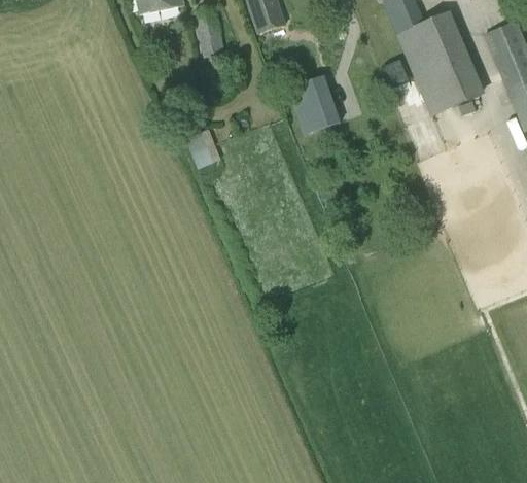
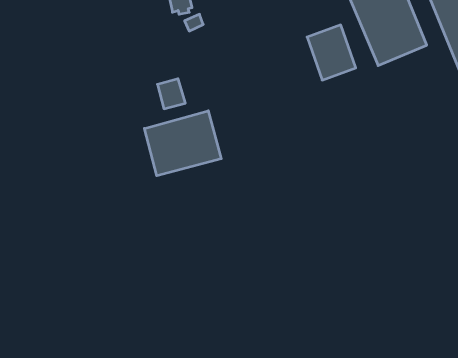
building: [287,73,341,134] -> [307,25,356,80]
building: none -> [144,111,221,176]

